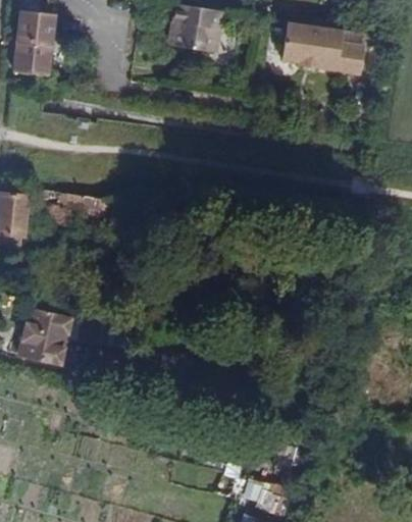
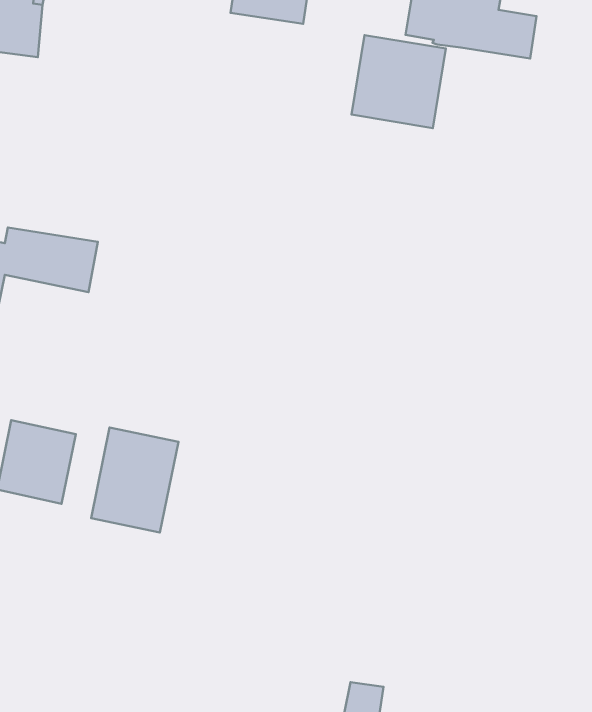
building: none -> [352,35,446,128]
building: none -> [91,427,179,532]

